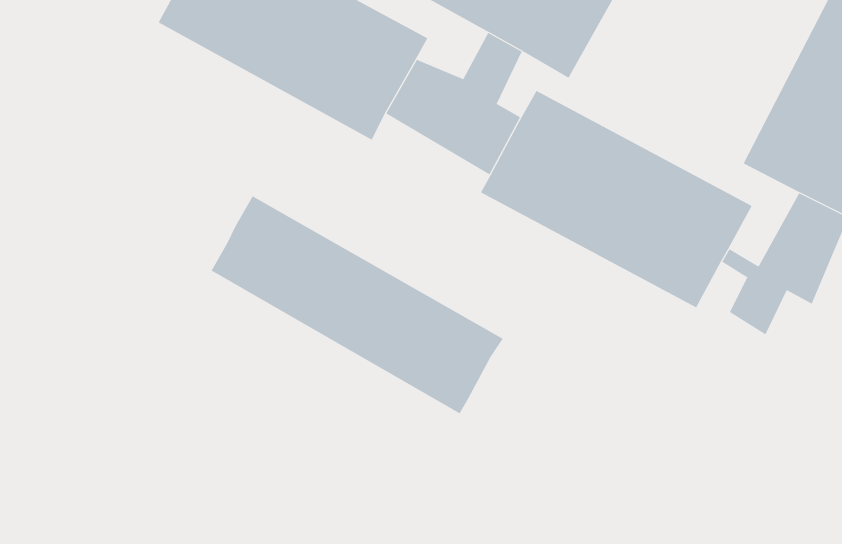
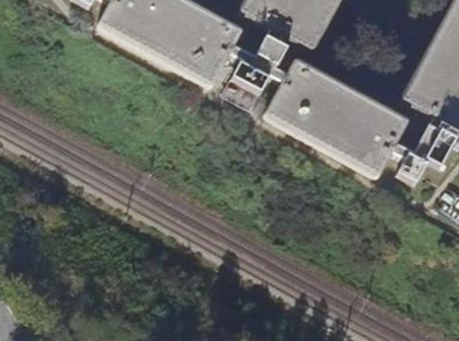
building: [211,195,503,414] -> none

